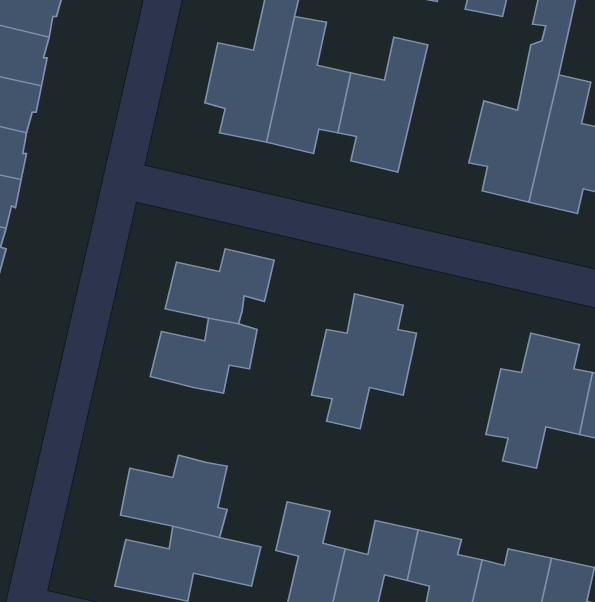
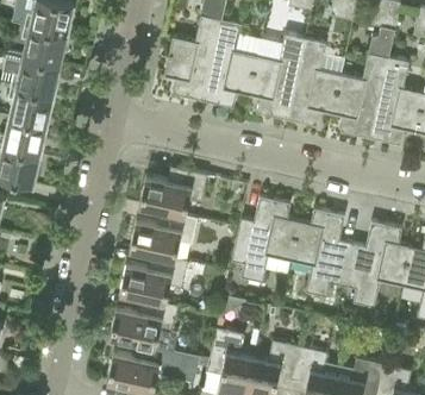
building: none -> [287,38,342,126]
building: none -> [290,208,352,296]
building: none -> [120,256,188,303]

